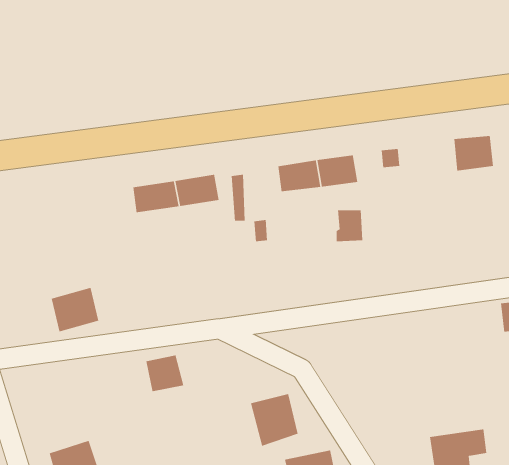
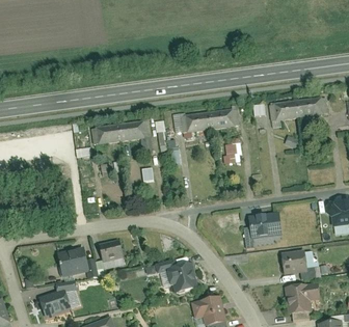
building: none -> [268,96,301,118]
building: [51,287,99,332] -> [57,247,88,276]
building: none -> [242,212,280,248]
building: none -> [281,250,307,274]

